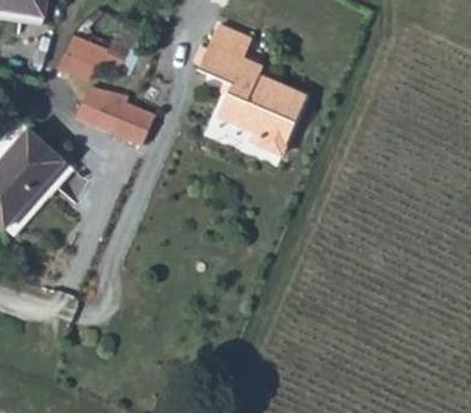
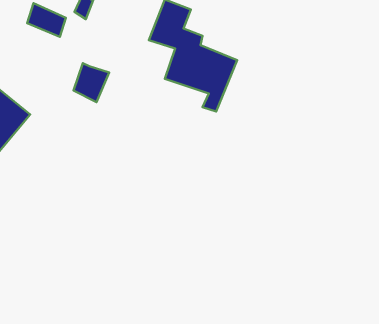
building: [78,86,128,131] -> none

